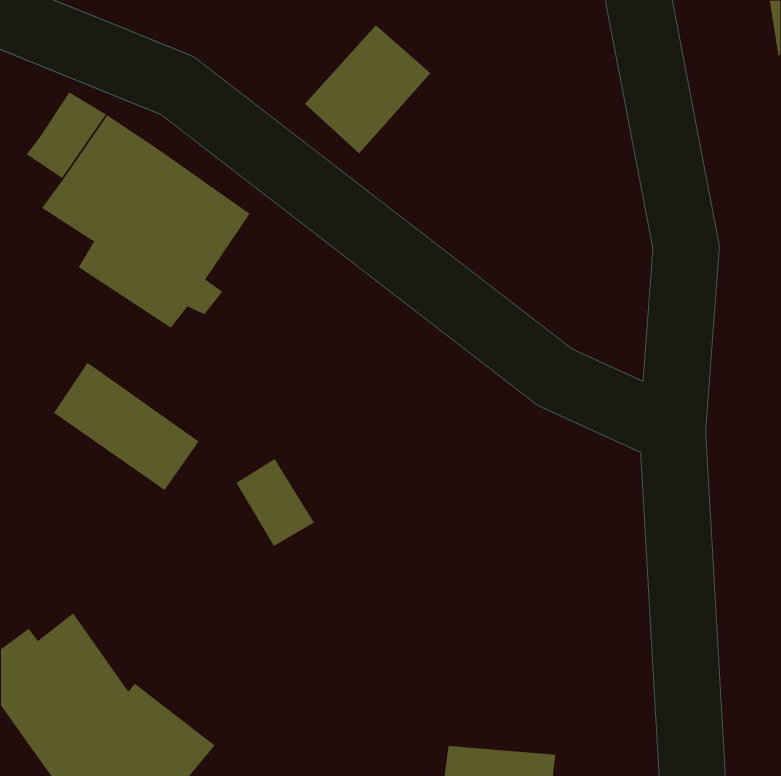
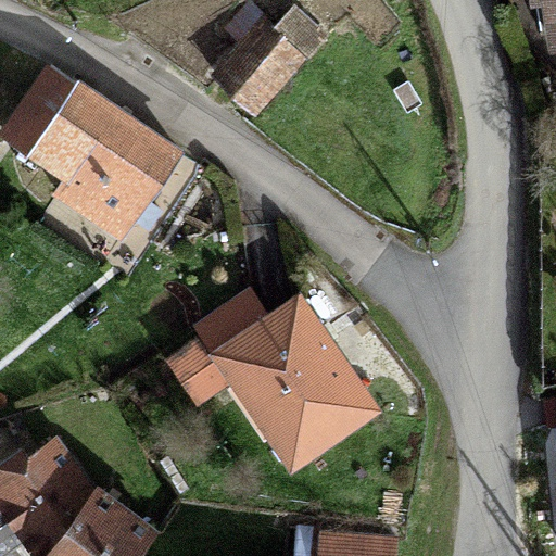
building: [53,362,200,491] -> none
building: none -> [200,294,370,463]

